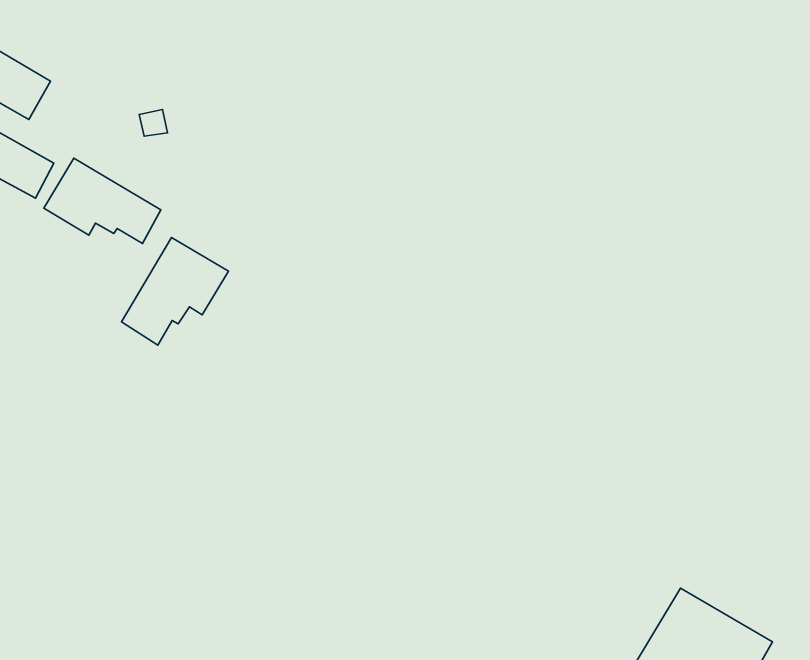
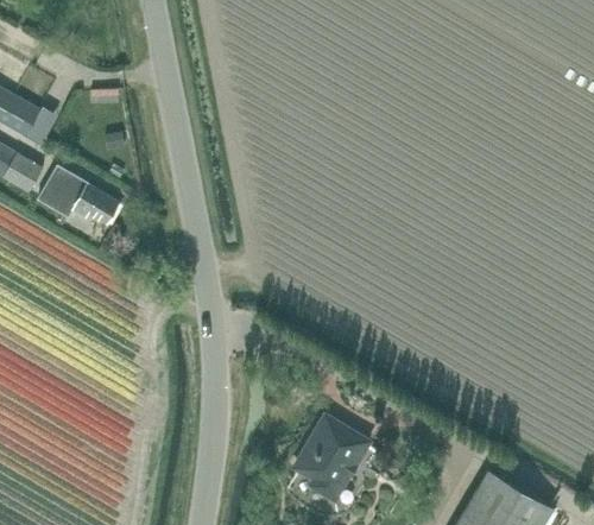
building: [121,237,229,345] -> none
building: none -> [293,420,372,502]

